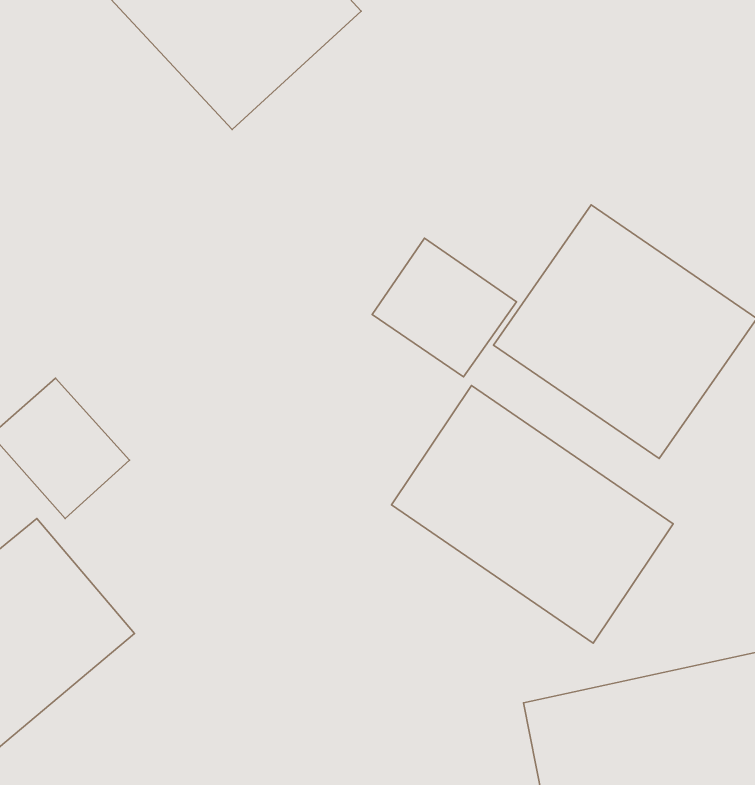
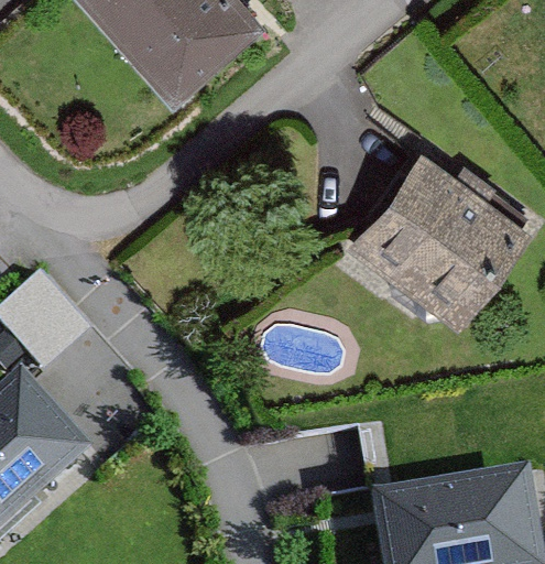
building: [372,238,517,377] -> none
building: [391,385,673,643] -> none

